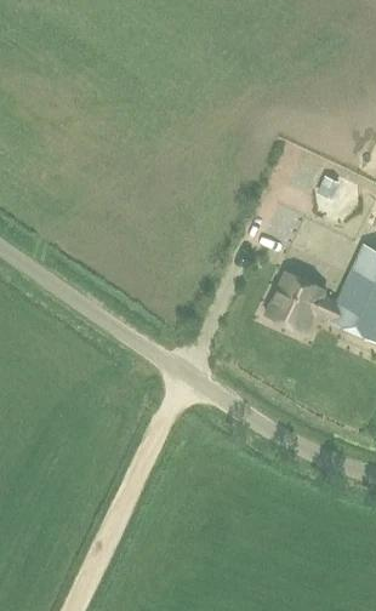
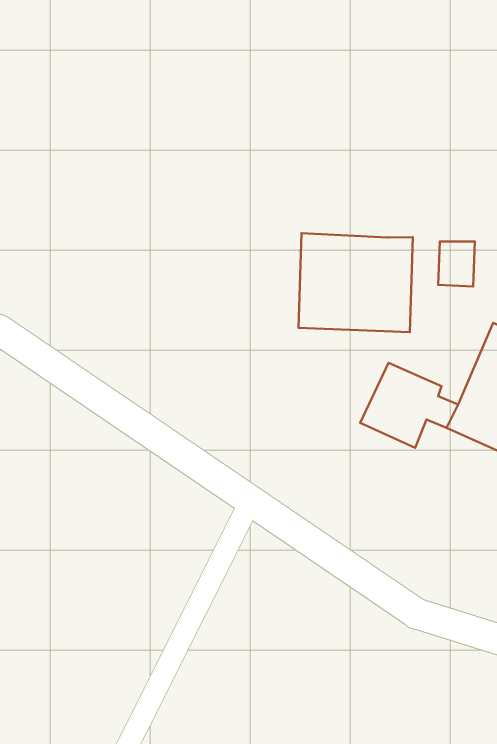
building: none -> [299,233,413,332]

